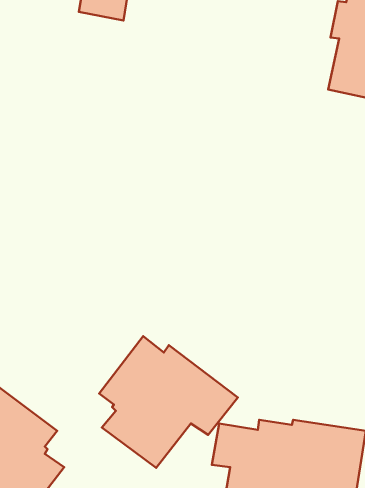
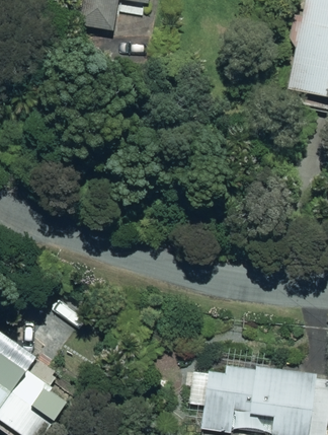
building: [99,336,238,468] -> none

